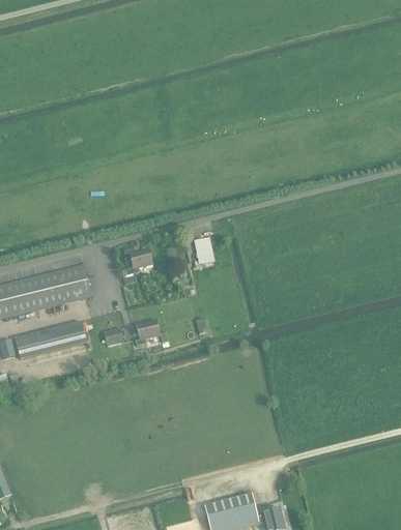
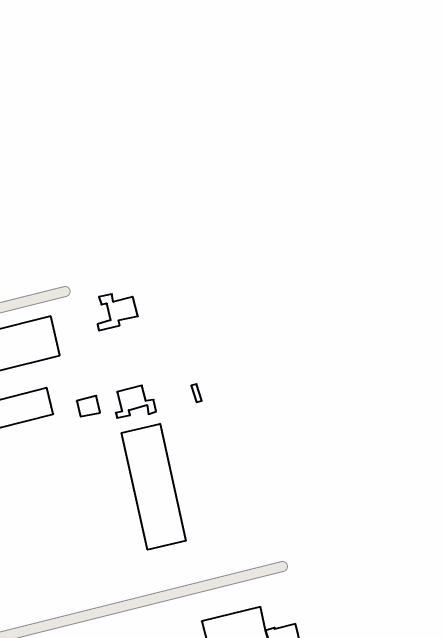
building: [193,235,213,263] -> none
building: none -> [122,424,186,550]

